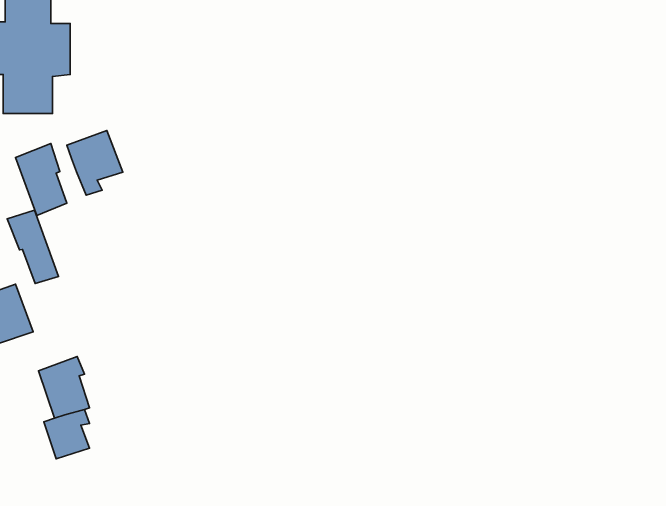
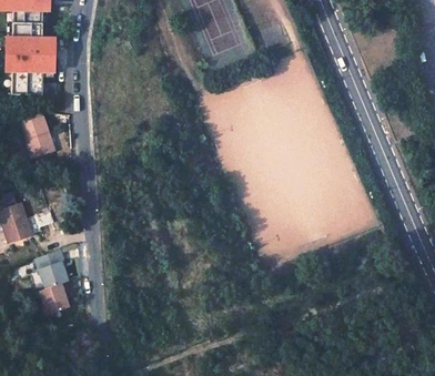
building: [67,130,123,195] -> none
building: [7,210,59,283] -> none

